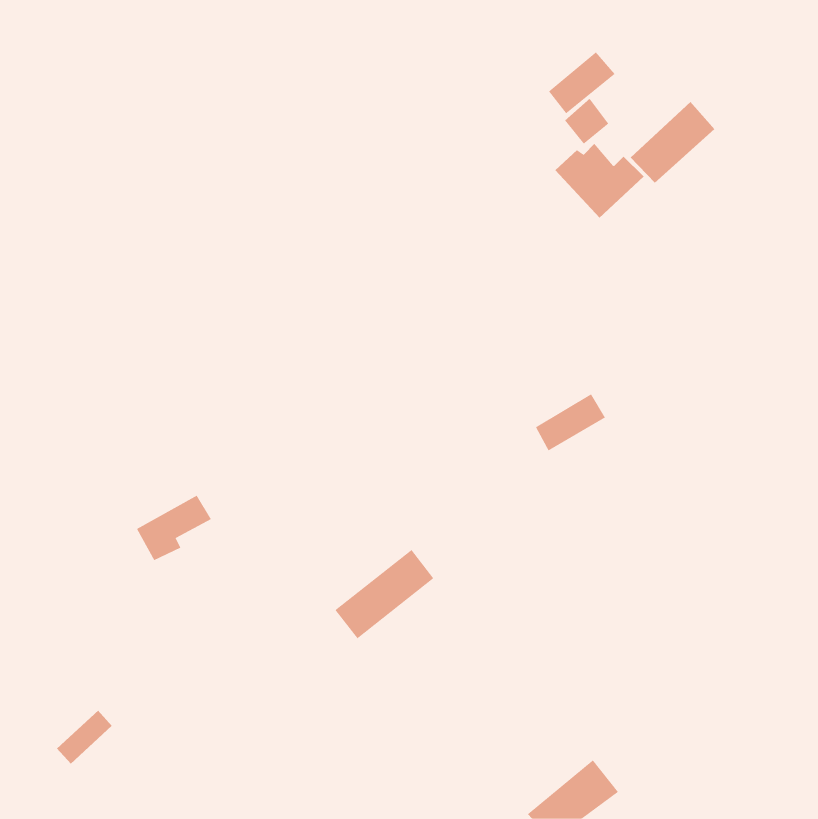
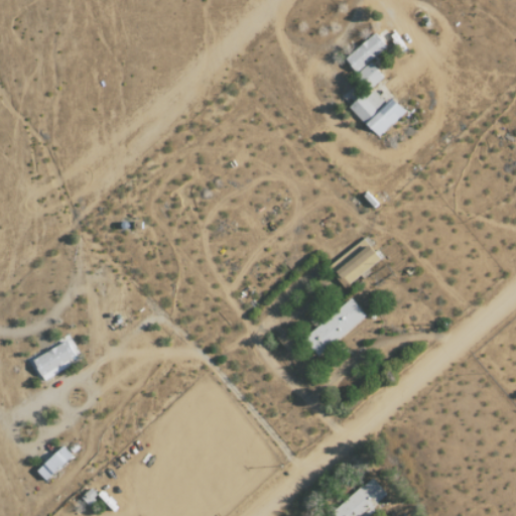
building: [630,101,715,184] -> none
building: [136,495,212,561] -> [33,339,81,380]
building: [335,549,434,639] -> [304,298,367,355]

